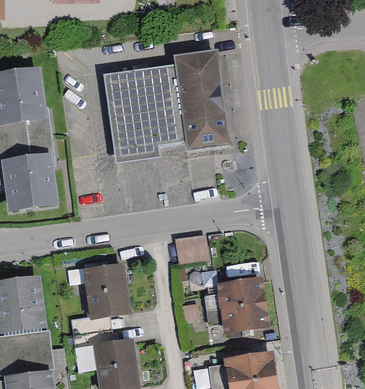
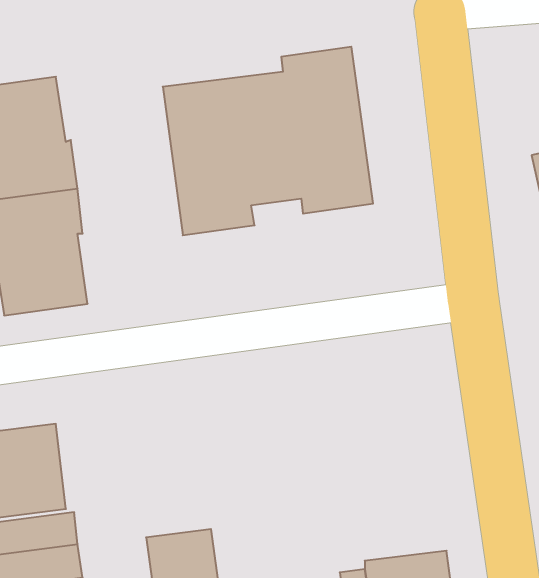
building: [177,232,211,262] -> none
building: [83,263,129,319] -> none
building: [216,276,268,335] -> none

